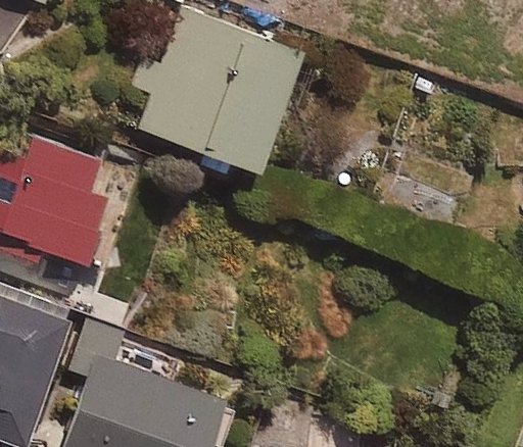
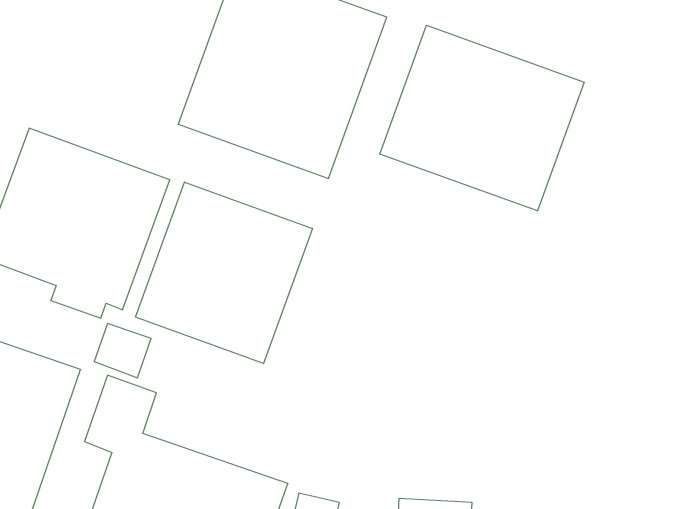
building: none -> [380,25,584,211]
building: none -> [136,182,312,364]

